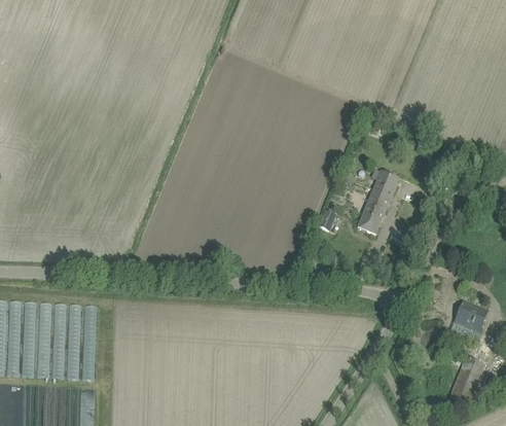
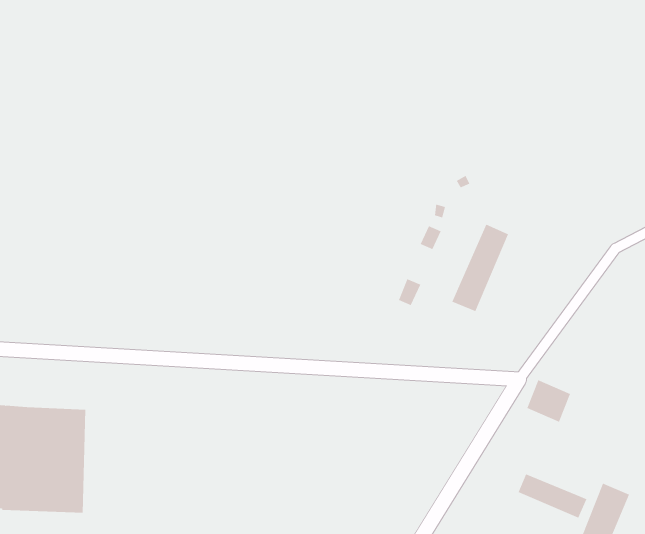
building: [455,301,486,332] -> [526,379,571,423]
building: none -> [518,474,587,519]

